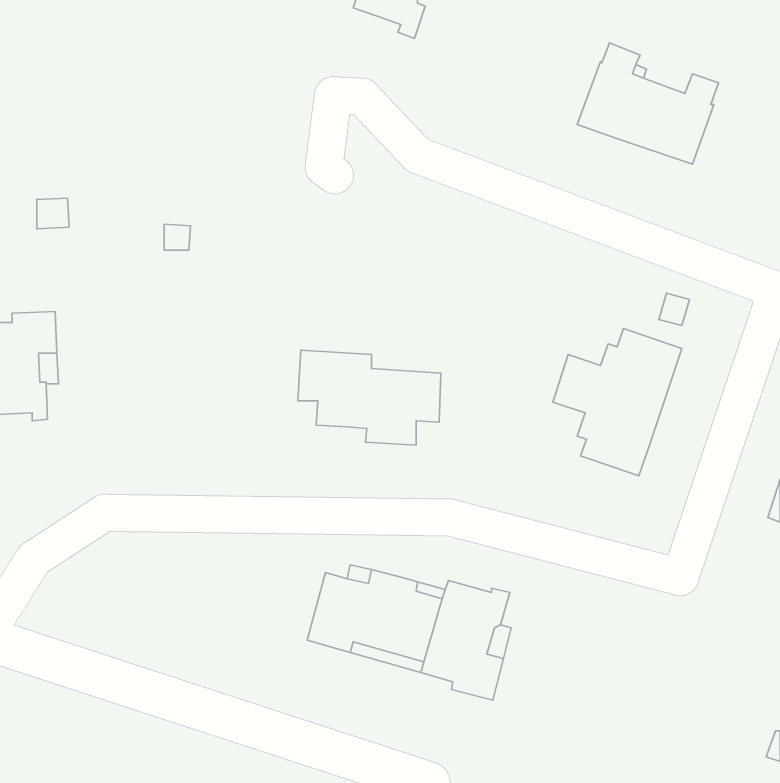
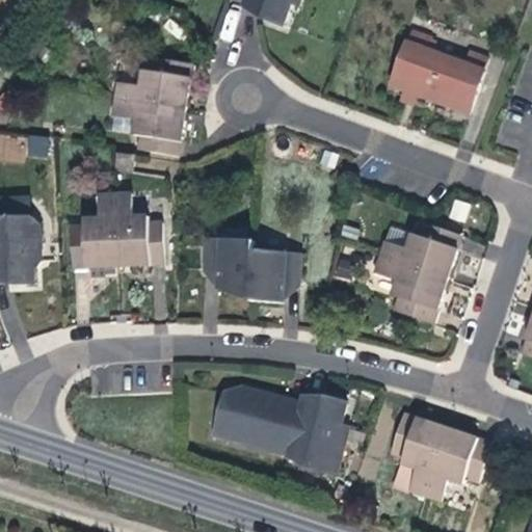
building: none -> [112,58,191,155]
building: none -> [71,193,163,267]
building: none -> [390,411,489,499]

